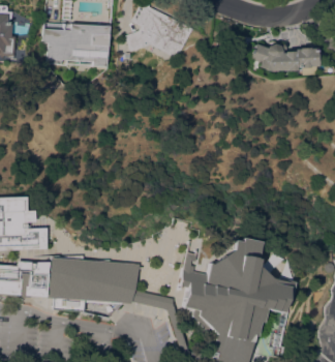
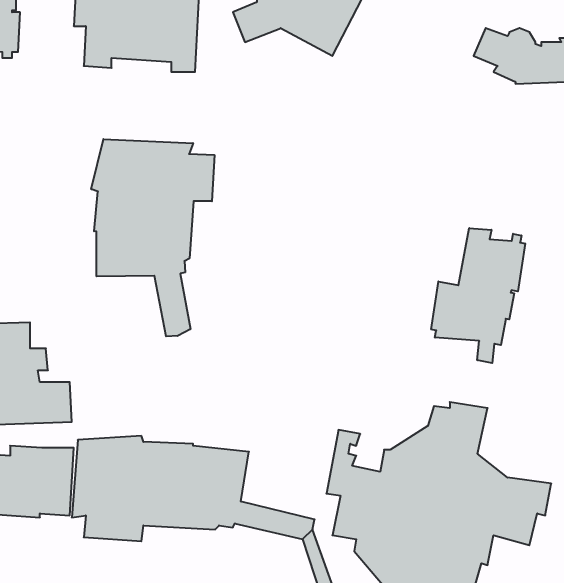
building: none -> [91,139,214,336]
building: none -> [431,228,525,363]

